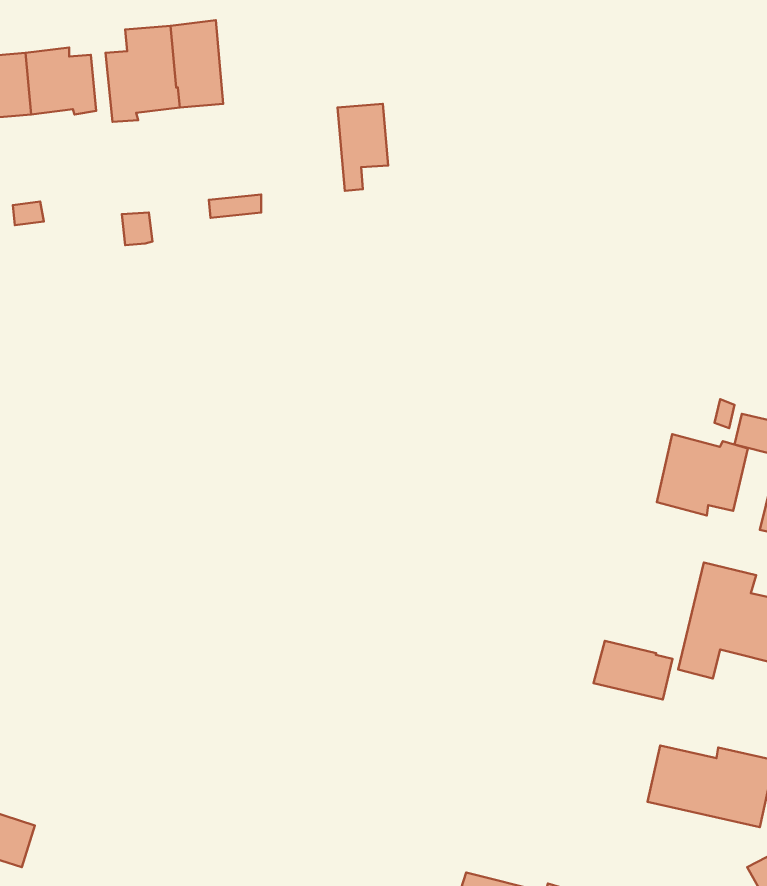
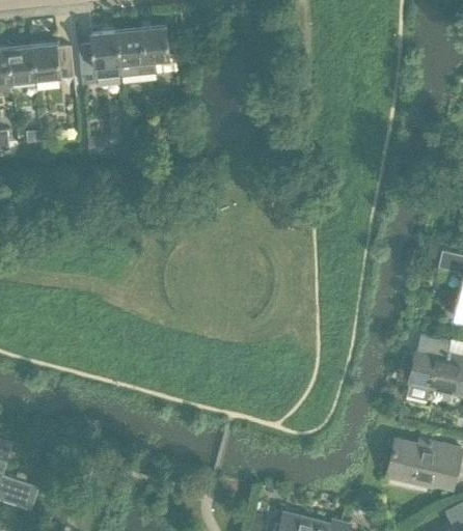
building: [338,104,388,191] -> [141,24,170,74]
building: [657,434,748,515] -> none
building: [593,641,672,700] -> none

